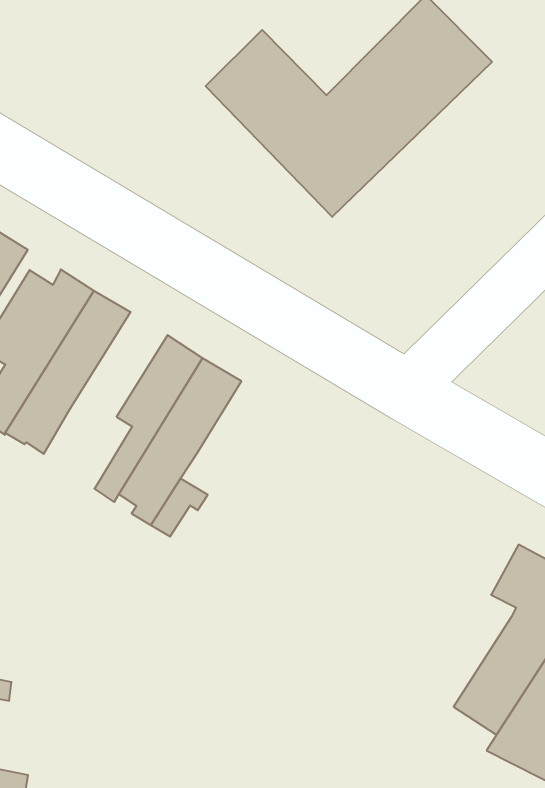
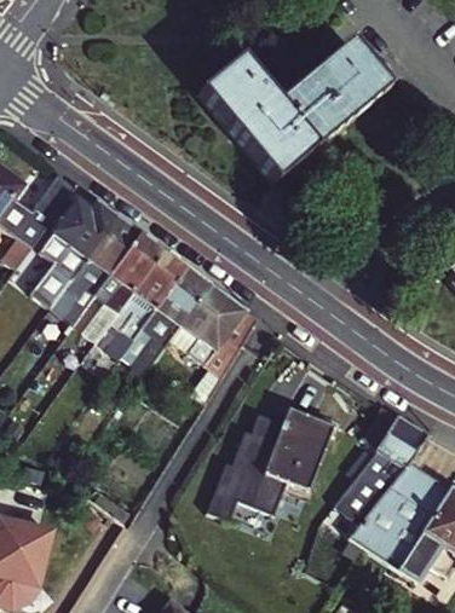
building: none -> [83,233,162,340]
building: none -> [175,284,255,360]
building: none -> [206,406,336,516]

